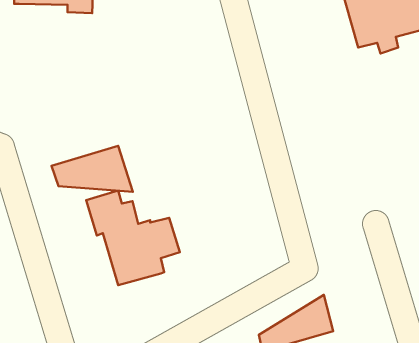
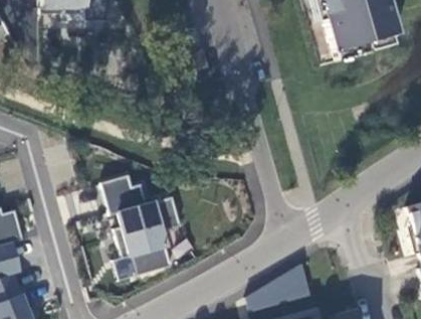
building: [51,146,133,192] -> none
building: none -> [115,243,172,279]

